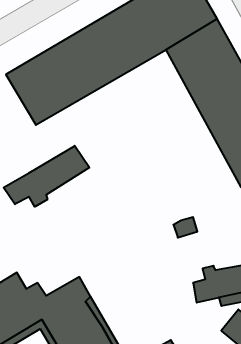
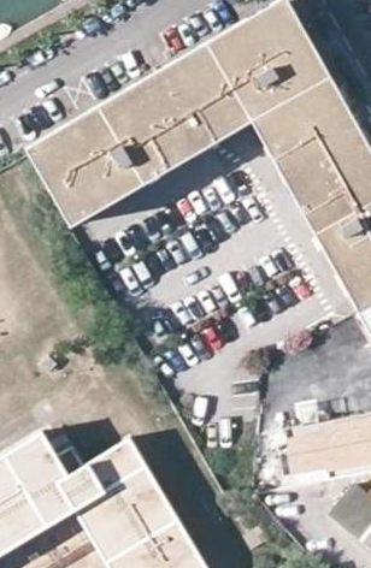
building: [4,146,89,207] -> none

